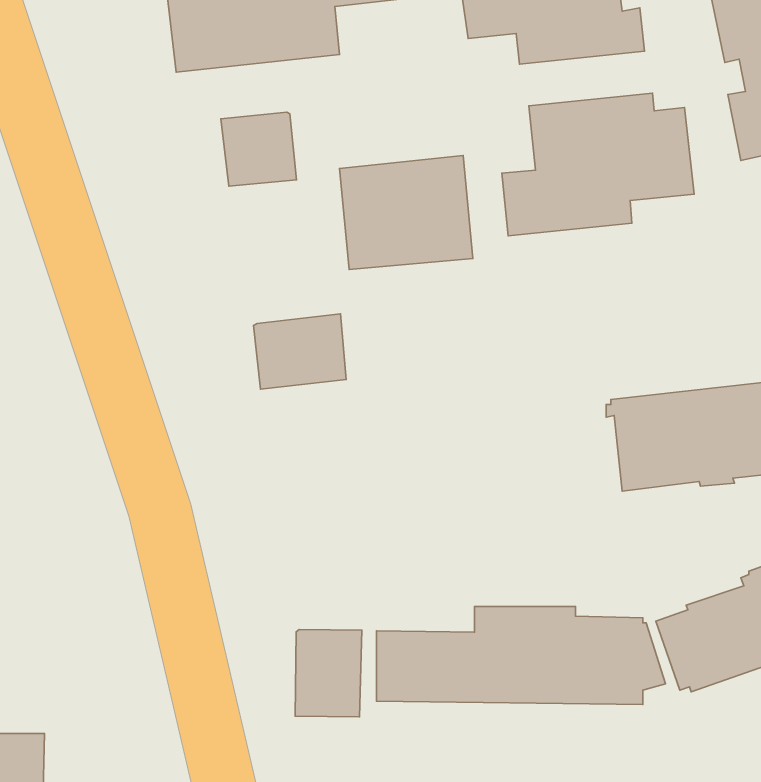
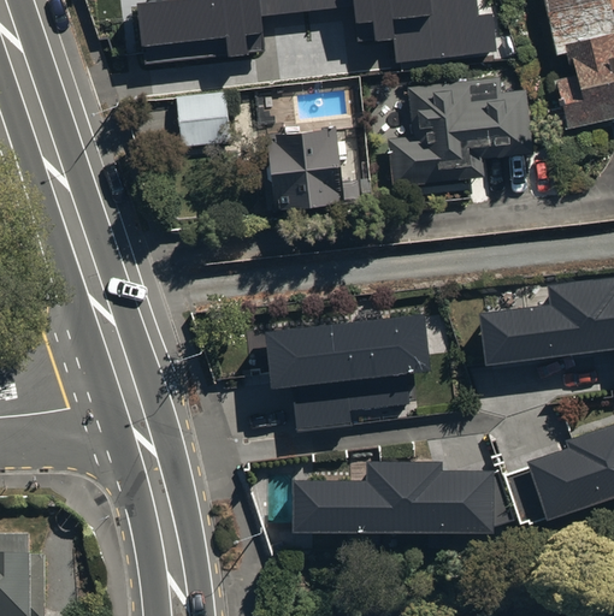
building: [253,314,346,389] -> none
building: none -> [265,310,432,428]
building: [295,629,362,717] -> none

